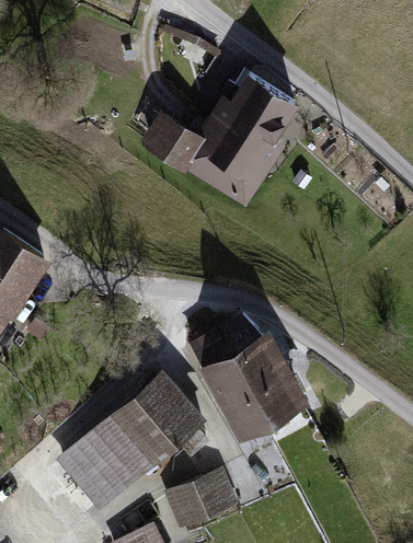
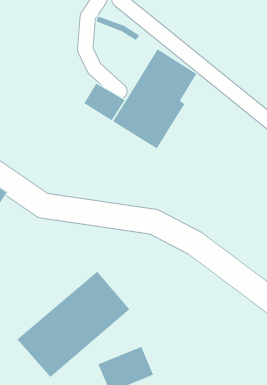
building: [191,313,313,443] -> none

